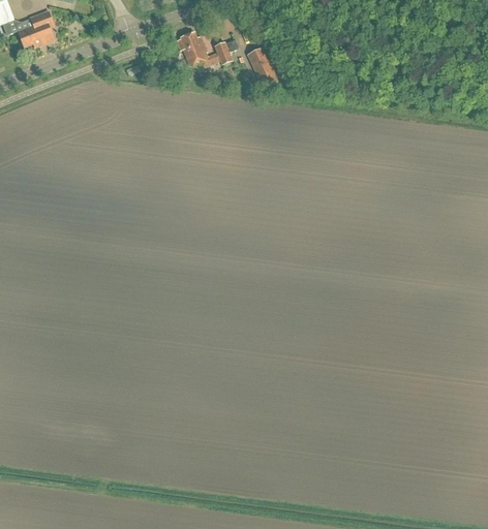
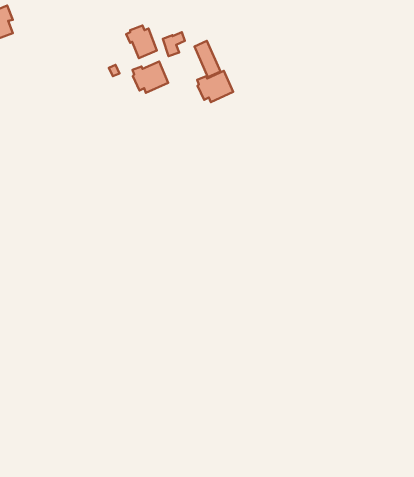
building: none -> [133,61,168,93]
building: none -> [197,71,233,102]

